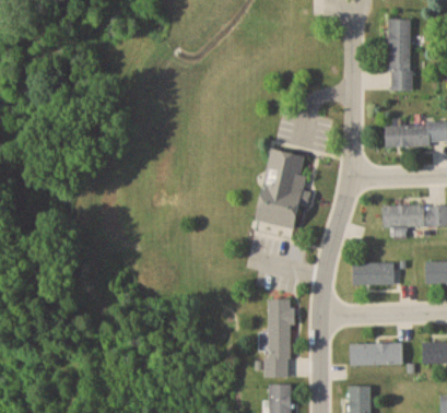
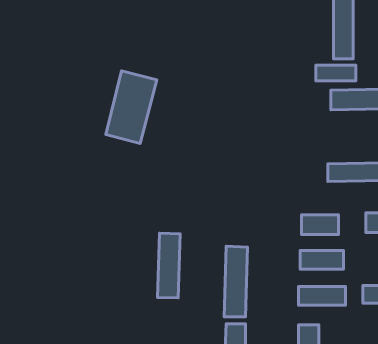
building: none -> [316,65,356,81]
building: [256,149,313,229] -> [106,71,157,143]
building: none -> [158,233,180,298]
building: none -> [300,251,344,269]

